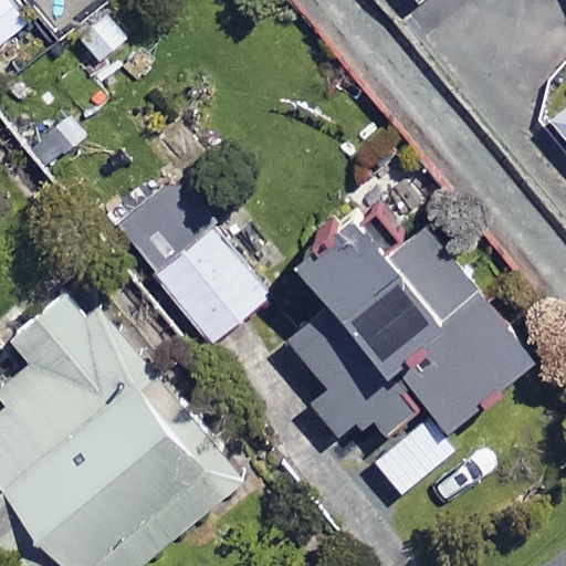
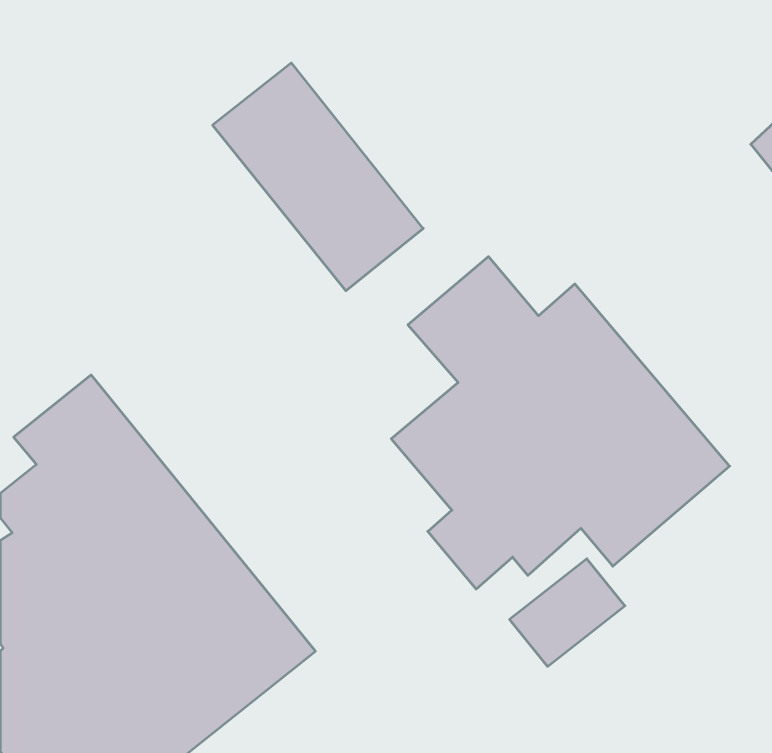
building: [115,181,269,347] -> [213,63,423,291]

